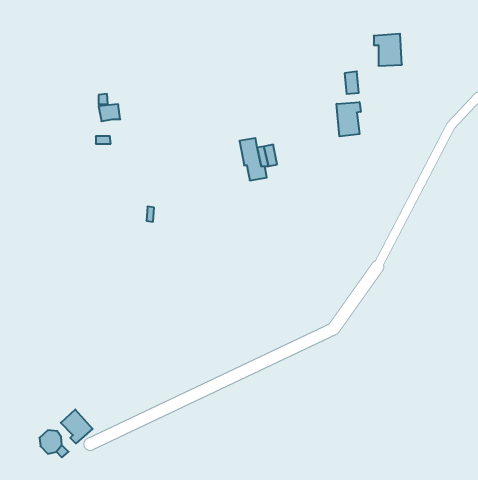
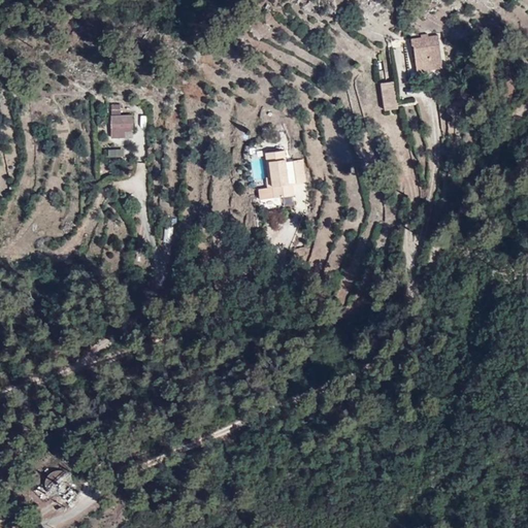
building: [337,102,361,136] -> none
building: [61,409,93,443] -> none

